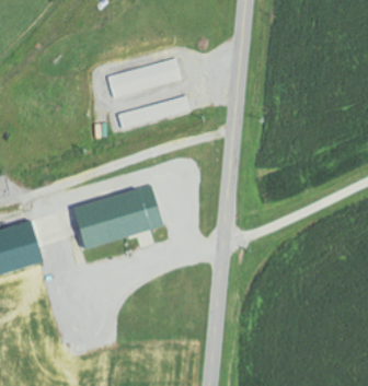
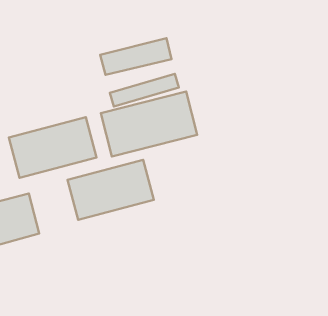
building: none -> [101,91,197,157]
building: none -> [9,117,97,178]

